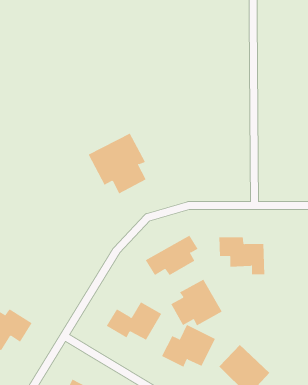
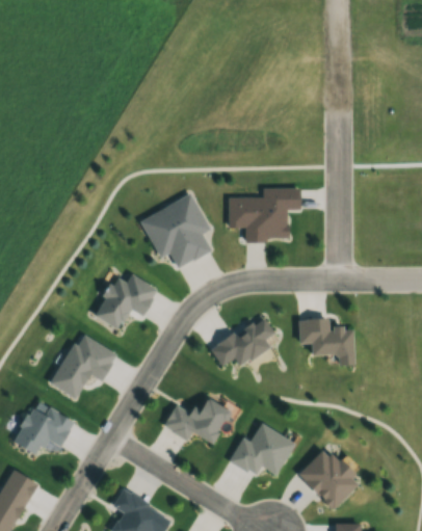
building: none -> [230,188,300,241]
building: none -> [95,273,158,329]
building: none -> [52,334,117,400]
building: [171,279,222,326] -> none

